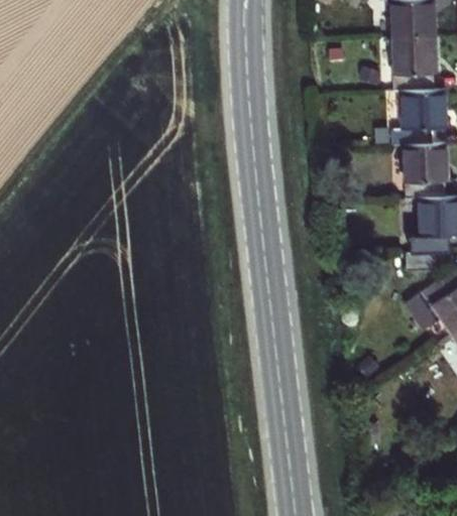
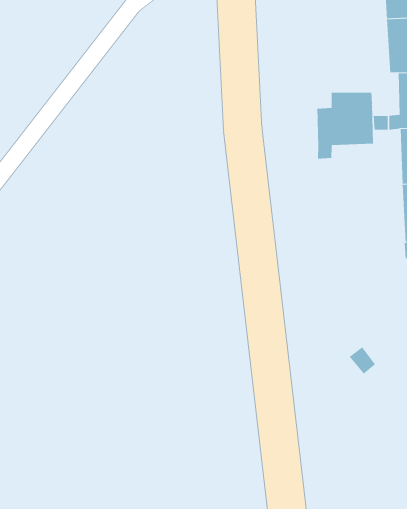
building: none -> [317,92,374,159]

